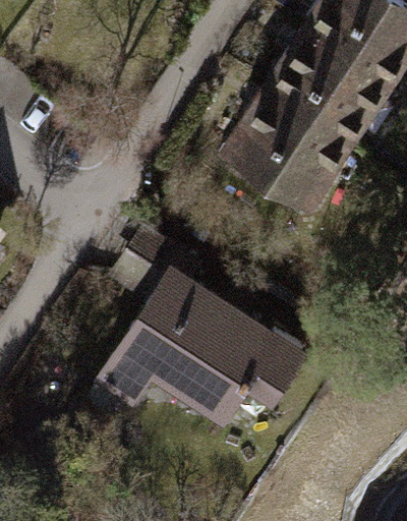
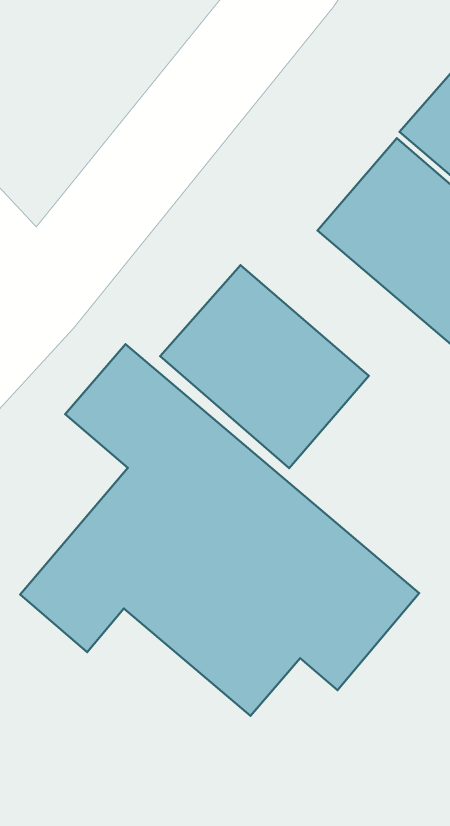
building: none -> [160,265,369,468]

